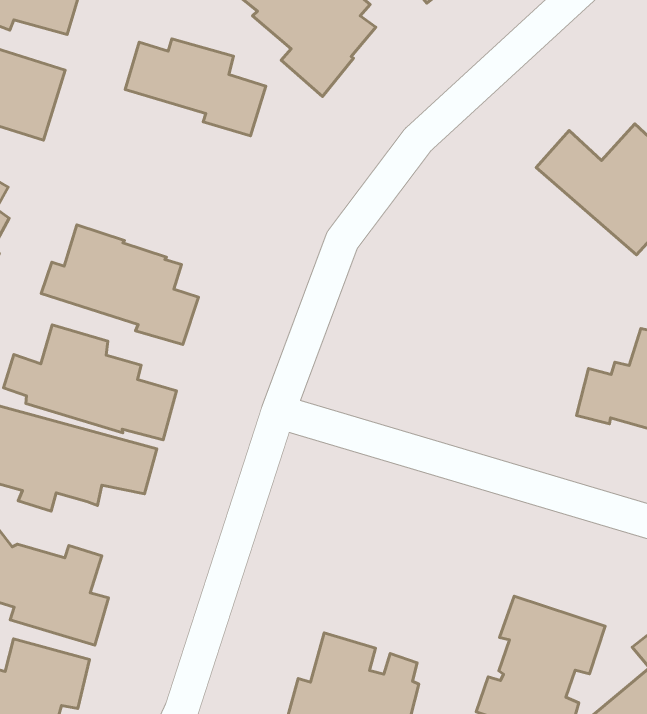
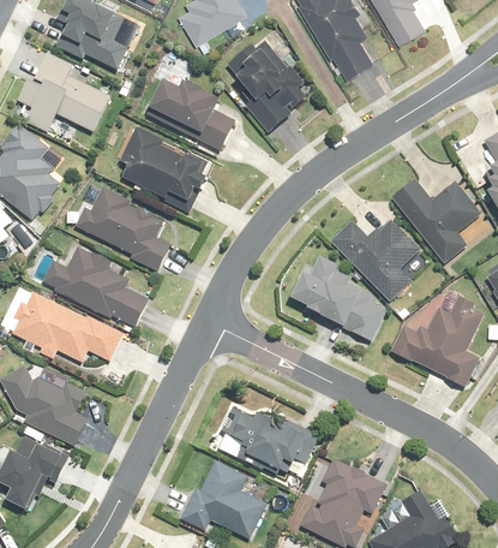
building: none -> [120,124,214,210]
building: none -> [330,220,419,300]
building: none -> [287,255,385,341]
building: none -> [212,398,319,469]

